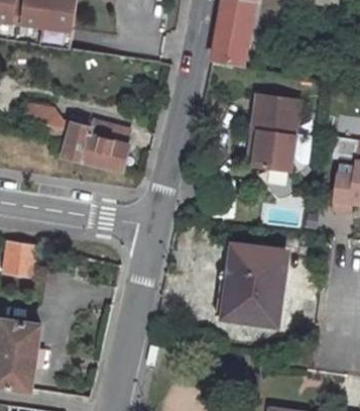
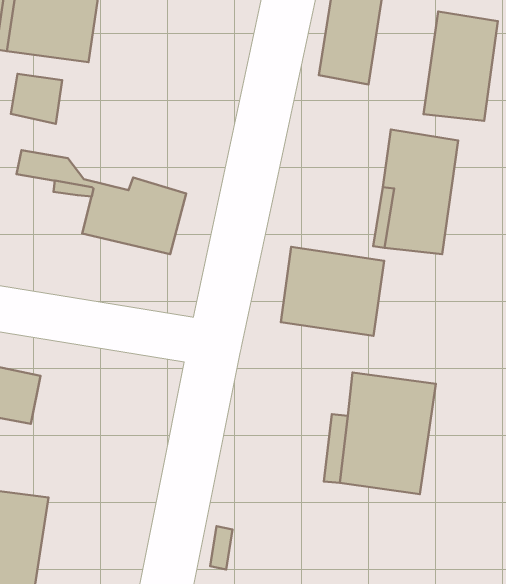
building: none -> [424,11,498,121]
building: none -> [11,74,62,124]
building: none -> [281,247,384,336]

